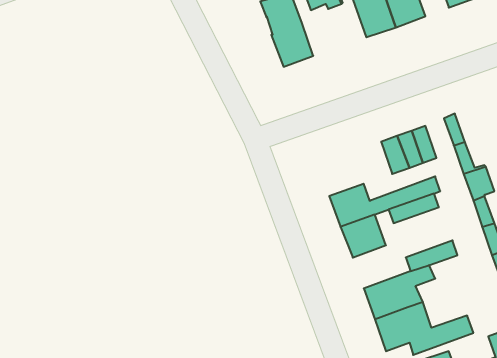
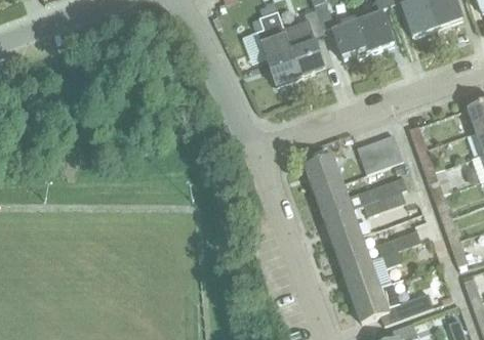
building: none -> [292,40,326,76]
building: none -> [306,156,344,193]
building: none -> [334,233,371,269]

